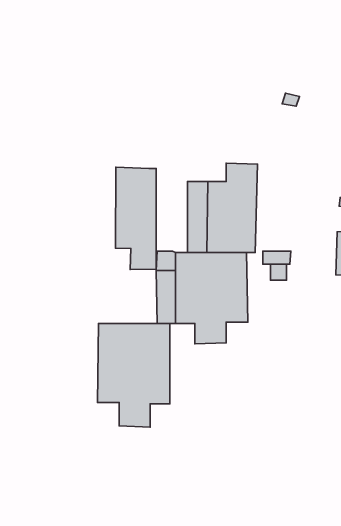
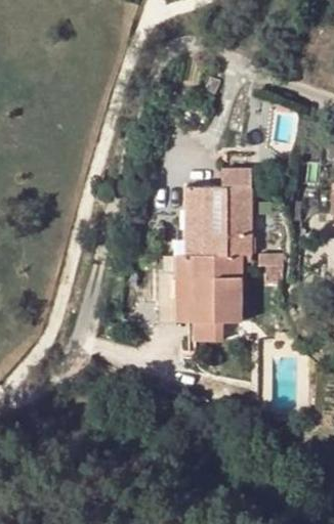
building: [115,167,156,269] -> none
building: [97,323,170,427] -> none

